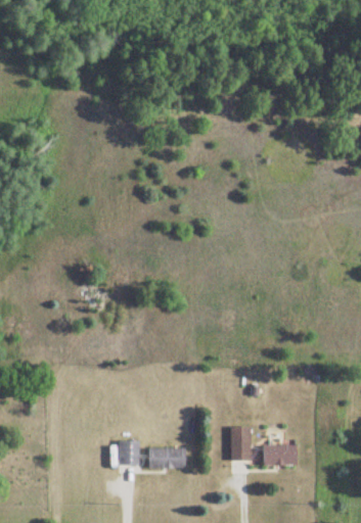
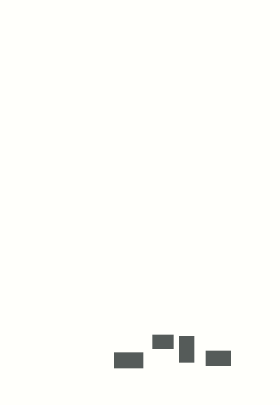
building: none -> [152,334,174,350]
building: [120,440,140,464] -> none

